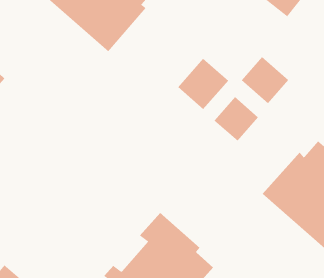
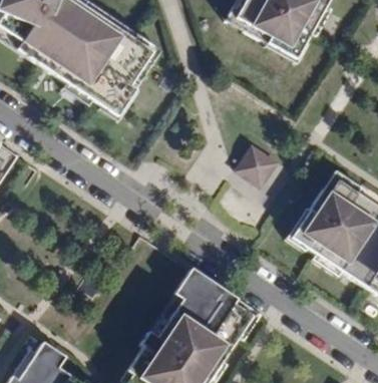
building: [241,56,289,104] -> none
building: [177,58,229,110] -> none

